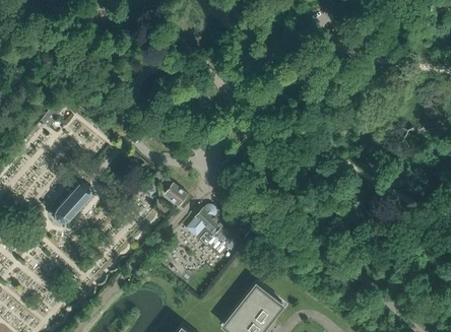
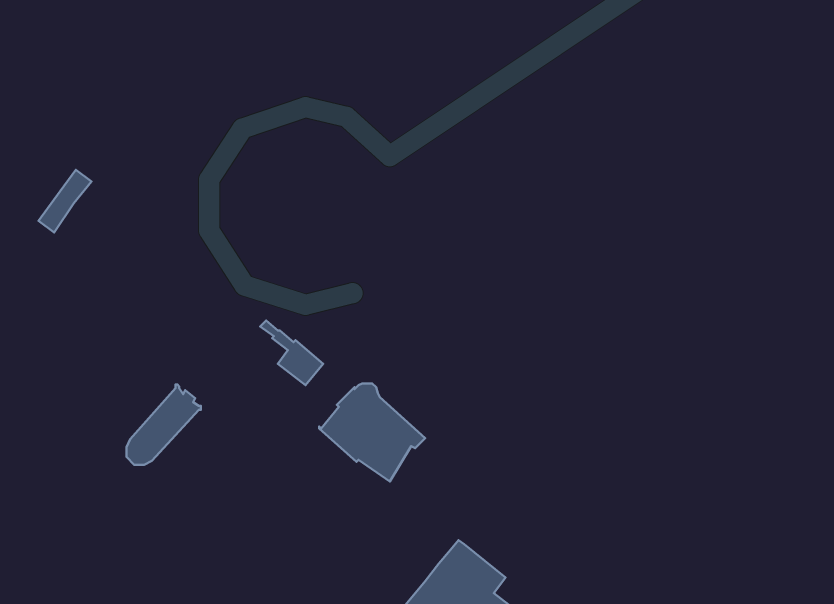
building: [51,180,89,221] -> [126,384,201,465]

